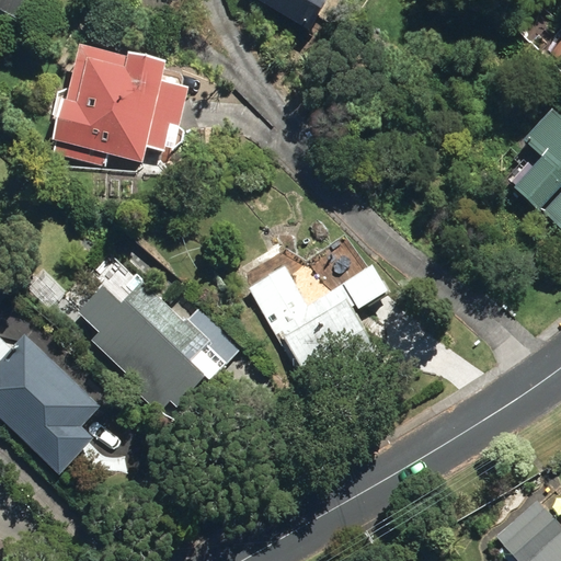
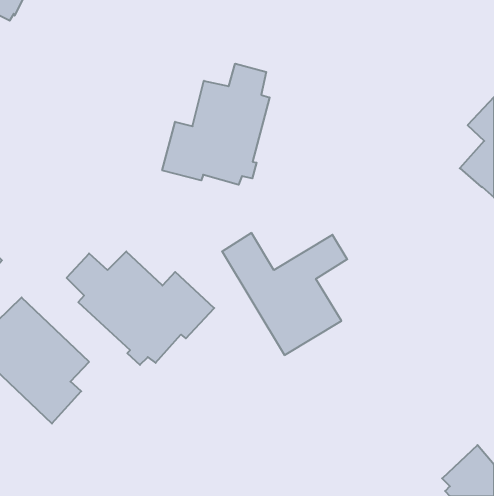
building: [49,45,190,164] -> none
building: none -> [162,64,270,185]

